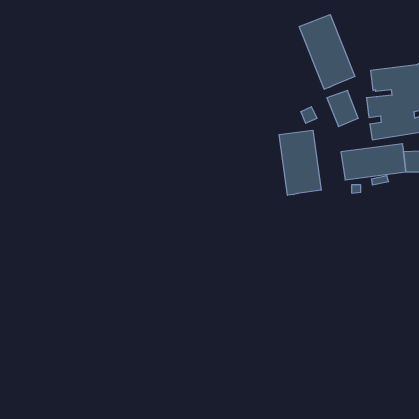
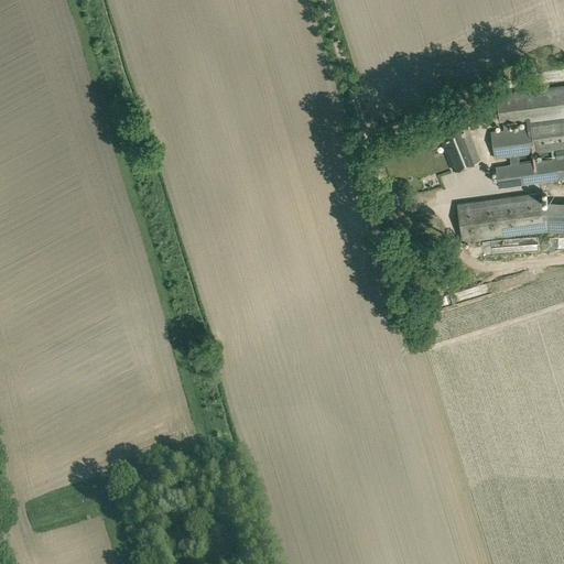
building: [299,15,355,89] -> none
building: [279,130,321,195] -> none

